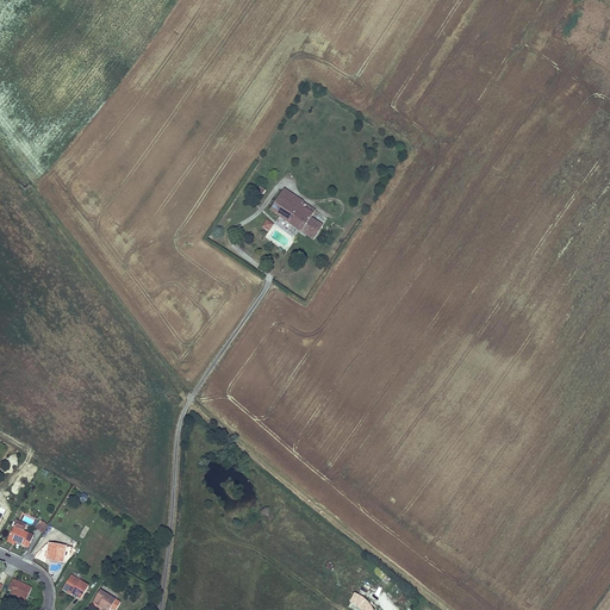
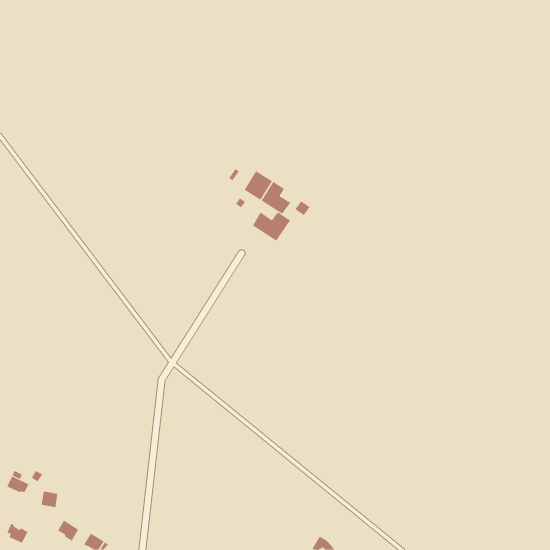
building: none -> [252,211,291,242]

